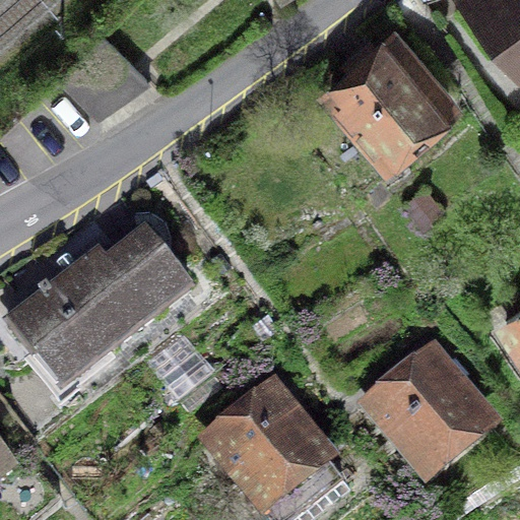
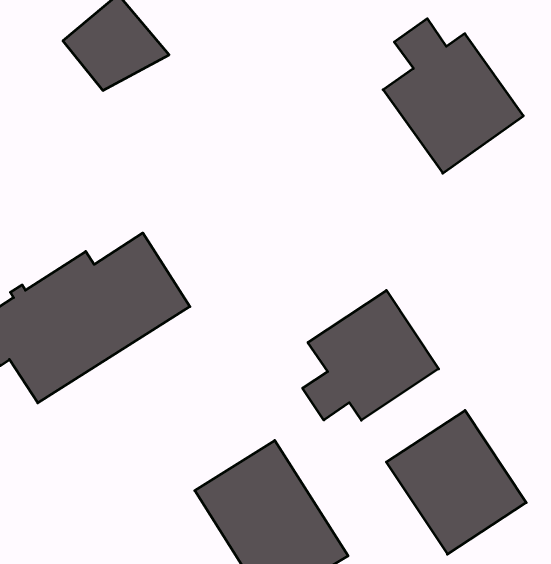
building: none -> [303,290,439,420]

